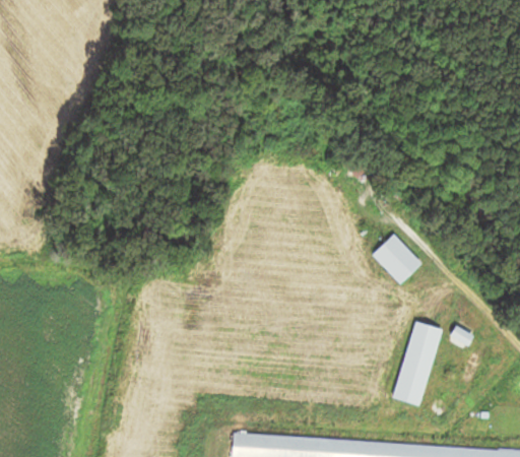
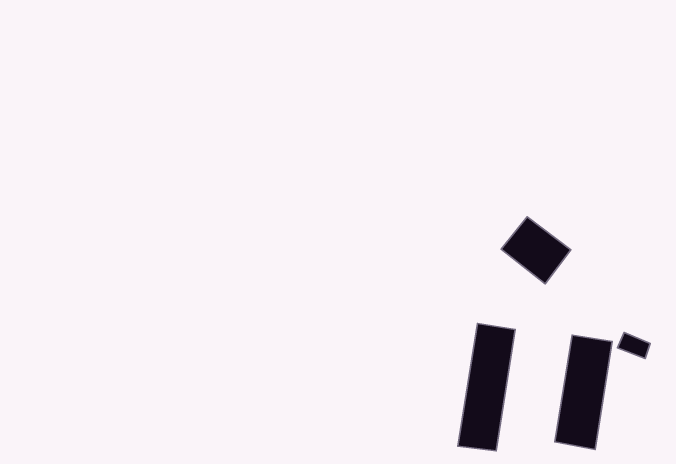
building: none -> [458,323,515,451]

